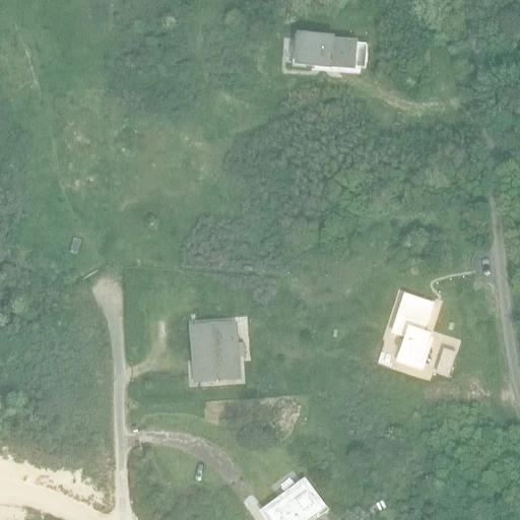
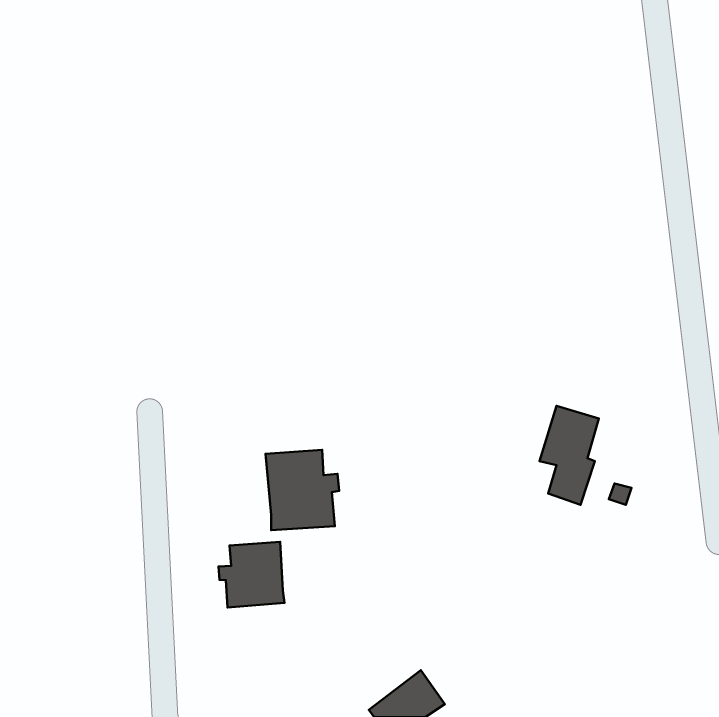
building: [295,37,366,66] -> none
building: none -> [219,542,285,607]

